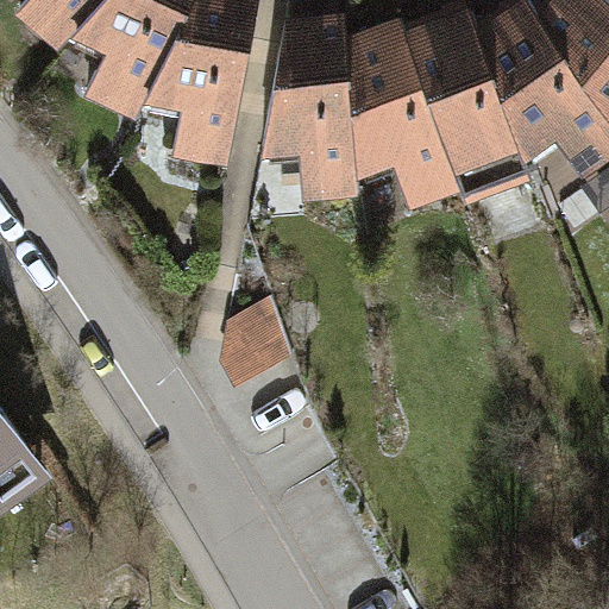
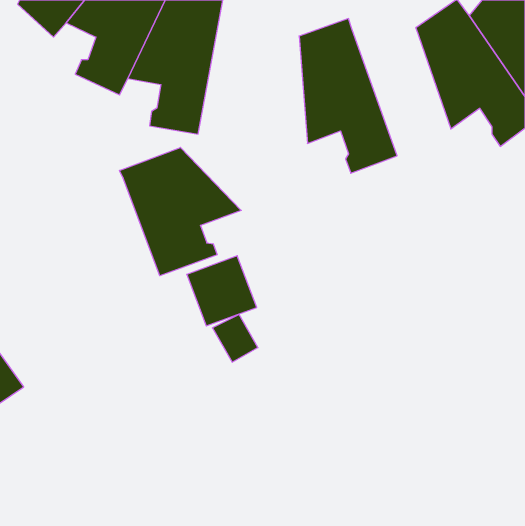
building: [406,12,527,193] -> none
building: [262,20,357,193] -> none
building: none -> [120,147,241,276]

